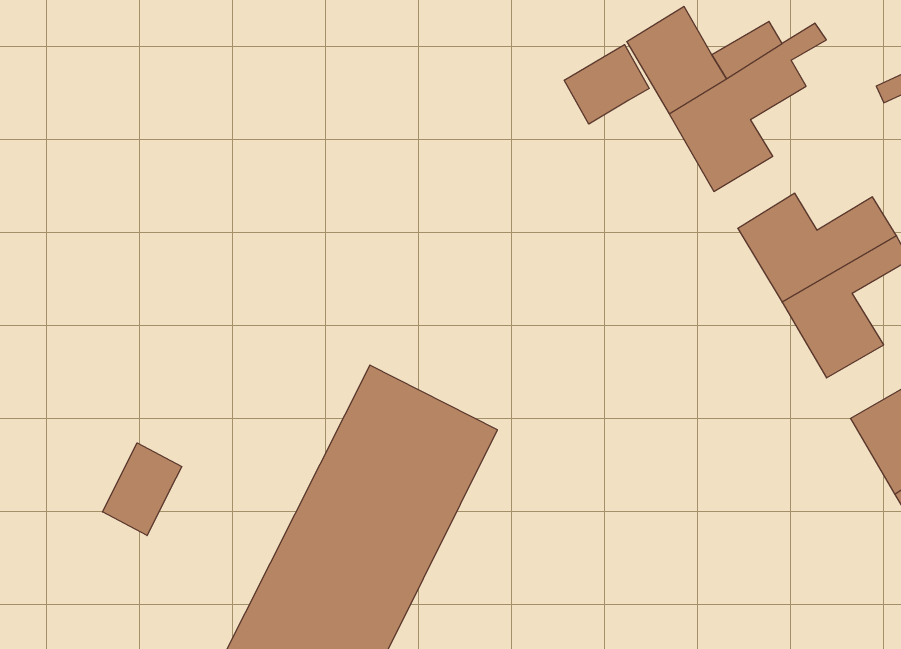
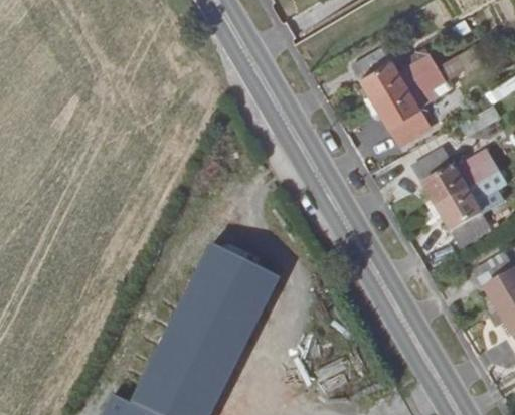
building: [564,45,649,124] -> none
building: [102,443,182,536] -> none

